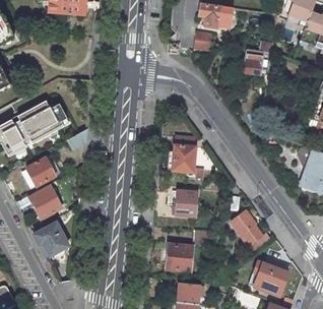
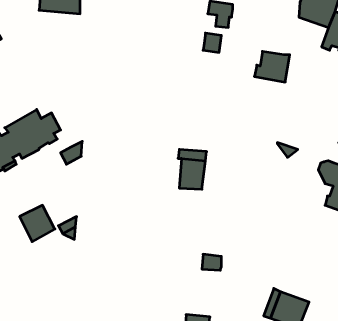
building: [21,158,55,187] -> none
building: [173,191,197,215] -> none
building: [233,211,262,246] -> none
building: [34,223,68,256] -> none
building: [167,244,193,271] -> none

